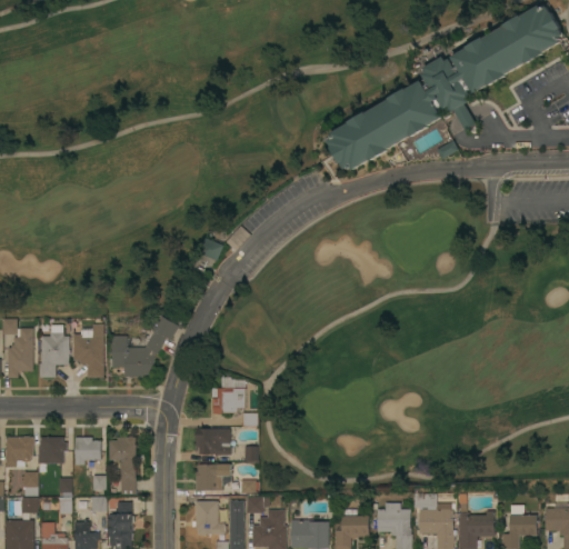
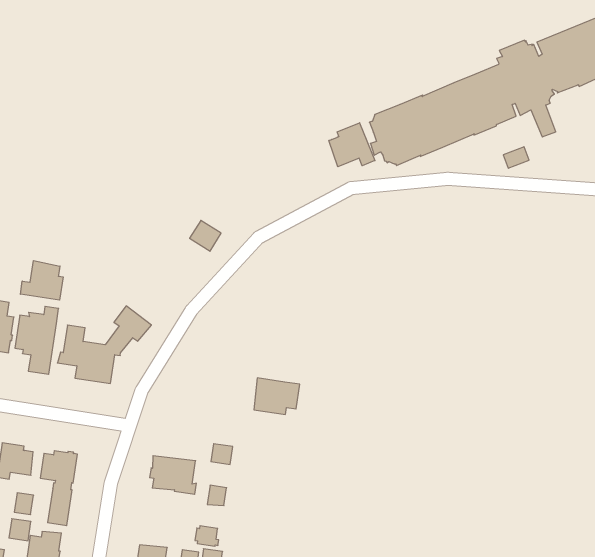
building: none -> [329,123,375,167]
building: none -> [20,261,63,300]
building: [211,388,246,413] -> [254,378,300,414]
building: [196,463,231,490] -> none

